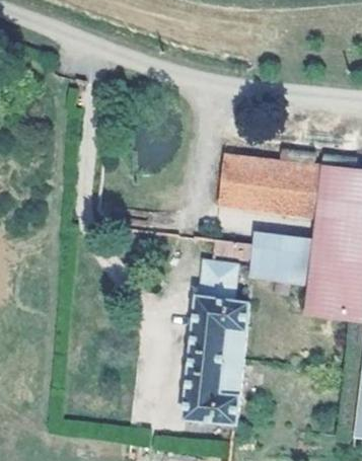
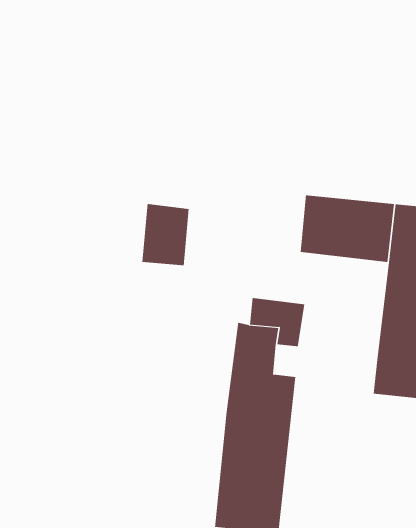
building: [219,156,257,205] -> [141,204,190,266]
building: [251,236,317,289] -> none

